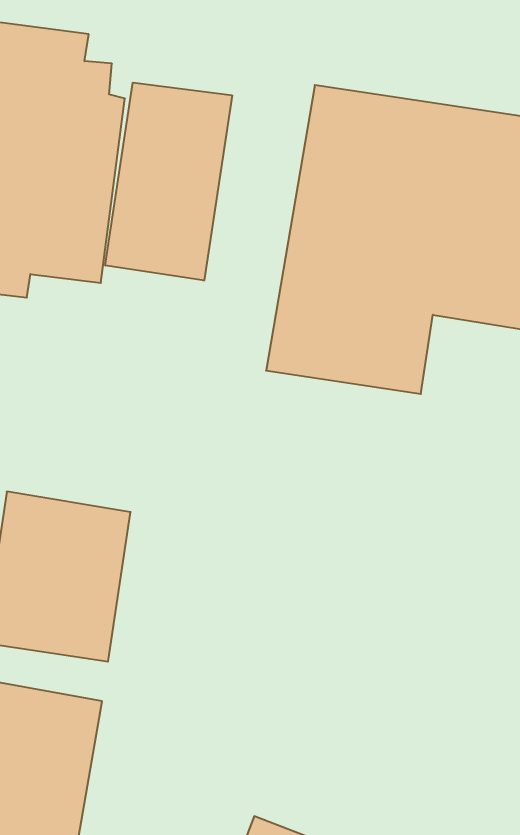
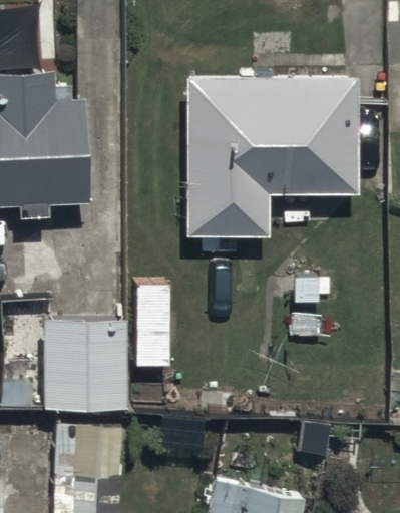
building: [105,83,232,281] -> none

